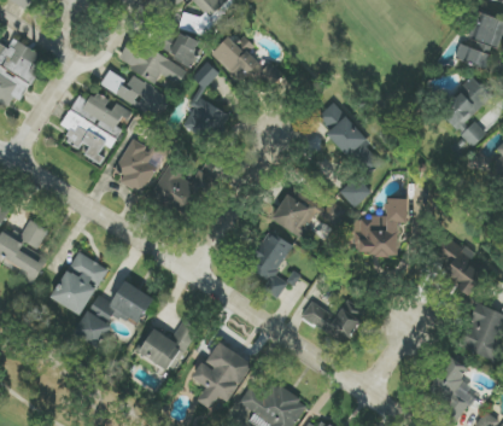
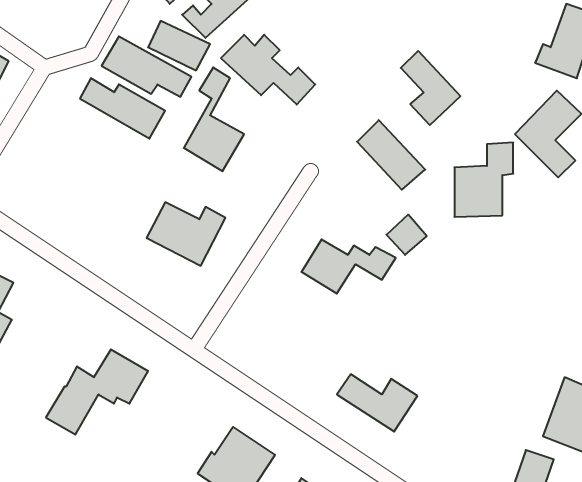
building: none -> [401,51,460,125]
building: [62,92,131,163] -> none
building: [113,140,158,196] -> none
building: [361,198,407,256] -> [454,143,513,217]
building: [246,230,293,298] -> none
building: [437,245,484,294] -> none
building: [51,252,109,315] -> none
building: [135,320,198,372] -> none

